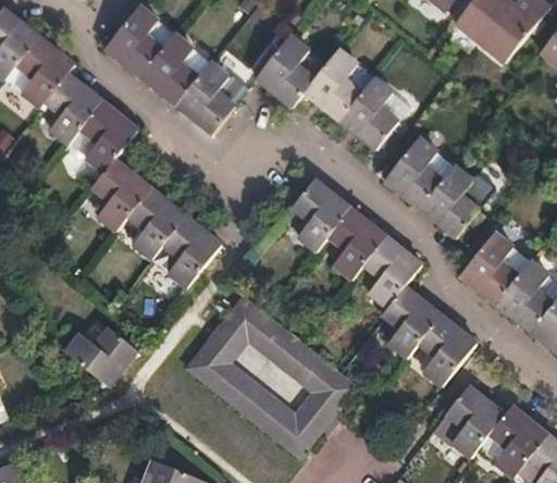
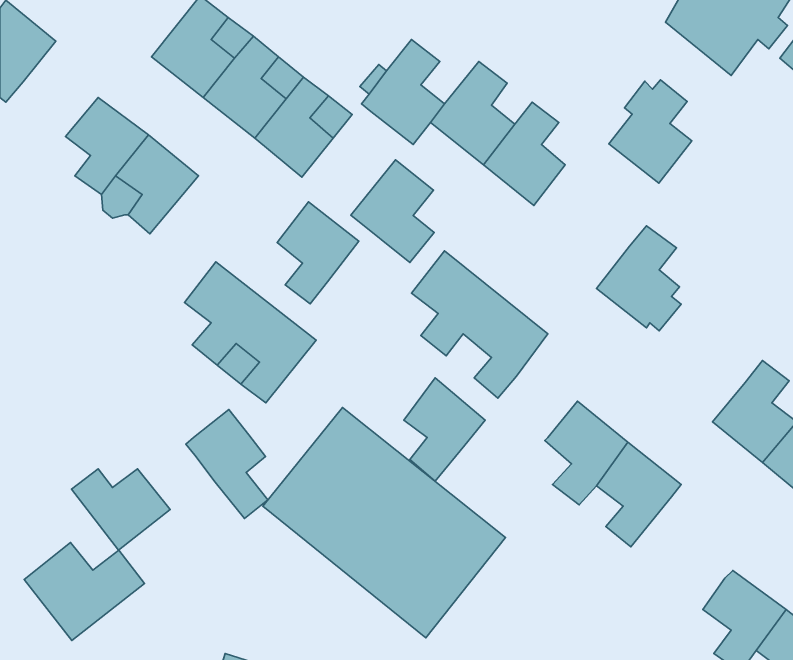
building: [17,36,77,108] -> none
building: none -> [351,160,434,263]
building: [381,136,438,208] -> [609,80,692,183]
building: [95,162,151,233] -> [277,202,359,304]
building: [461,230,519,300] -> none
building: [360,239,417,311] -> [404,378,485,481]
building: none -> [186,410,268,518]
building: [447,382,505,454] -> none
building: none -> [24,542,144,641]

